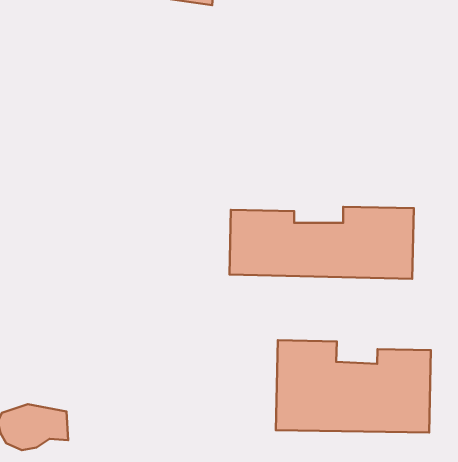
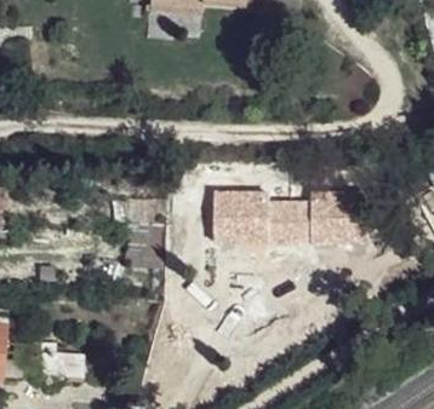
building: [276,340,431,433] -> none

